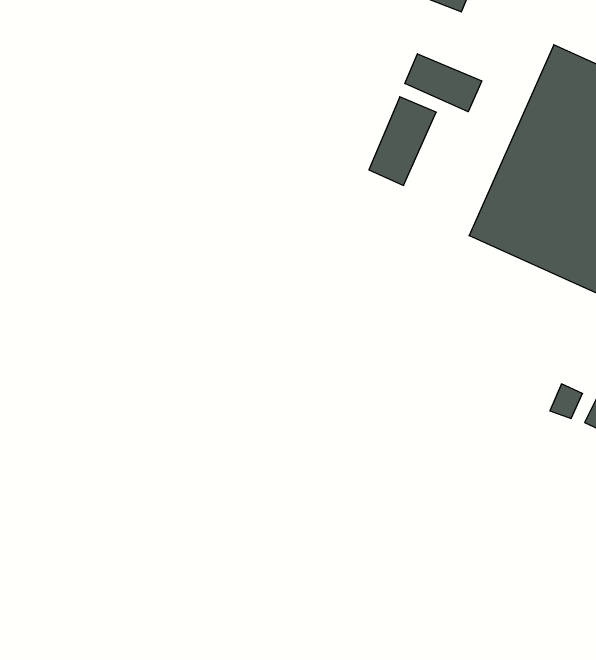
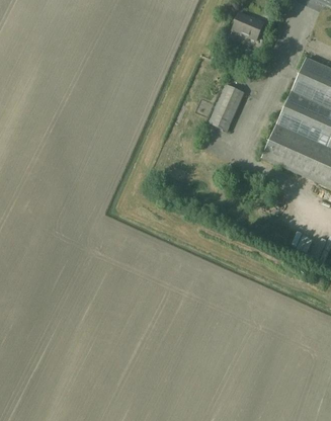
building: [405,54,482,112] -> none

